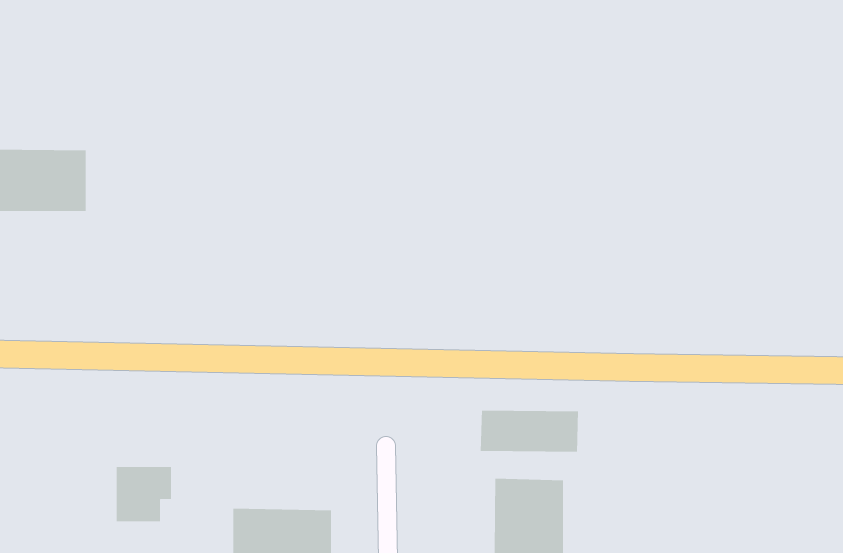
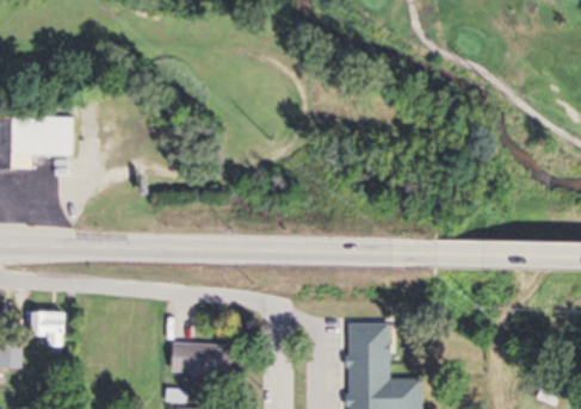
building: [480,410,579,452] -> none
building: [116,466,172,522] -> [37,311,73,347]

